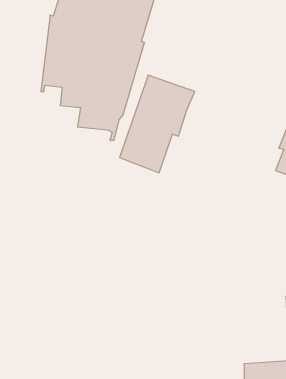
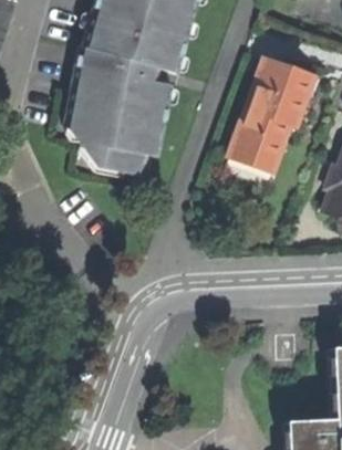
building: [120,75,195,173] -> [235,60,317,166]

